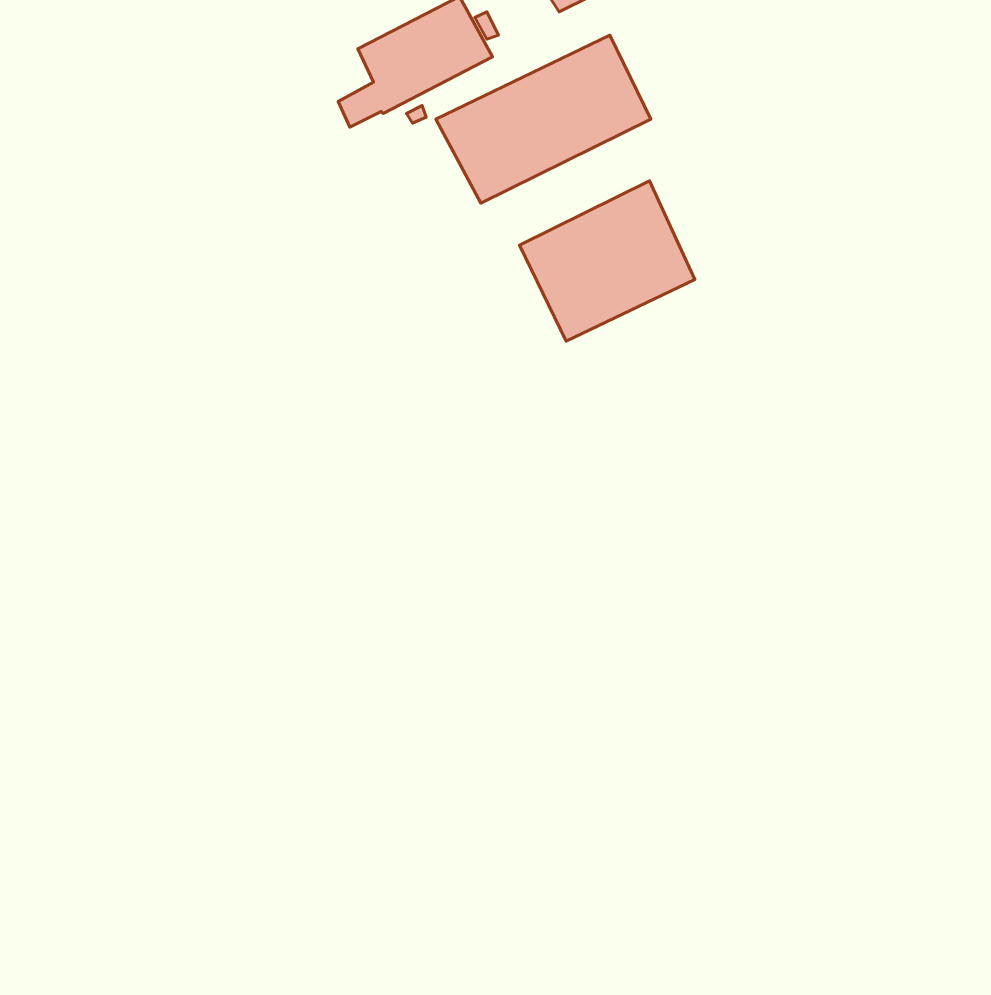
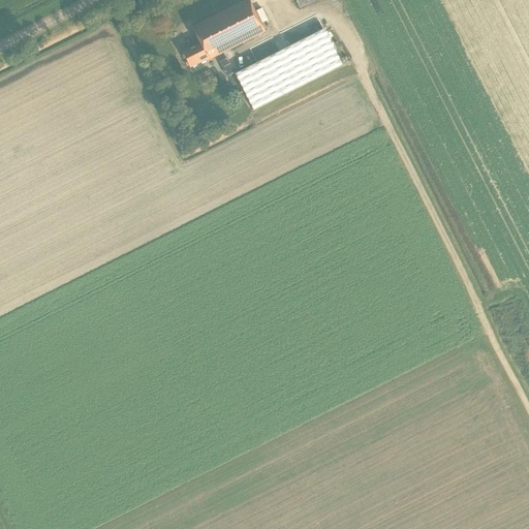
building: [519,181,695,341] -> none

